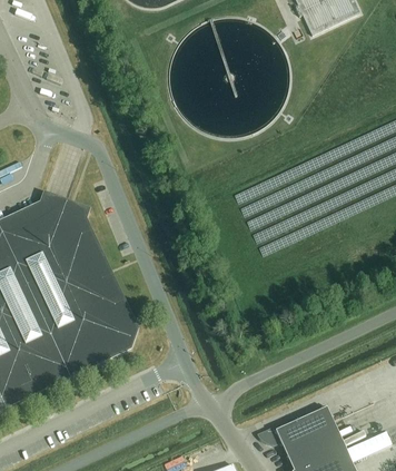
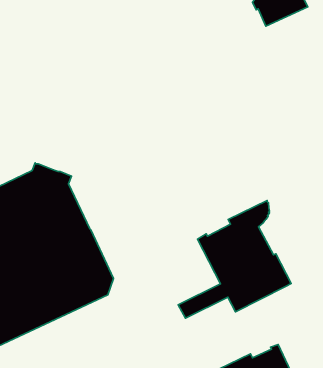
building: none -> [178,201,291,318]

